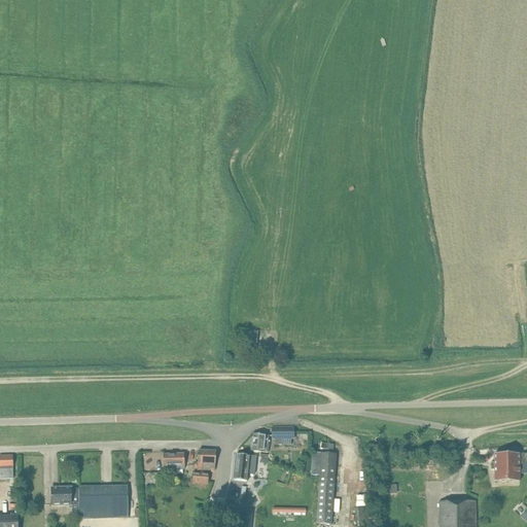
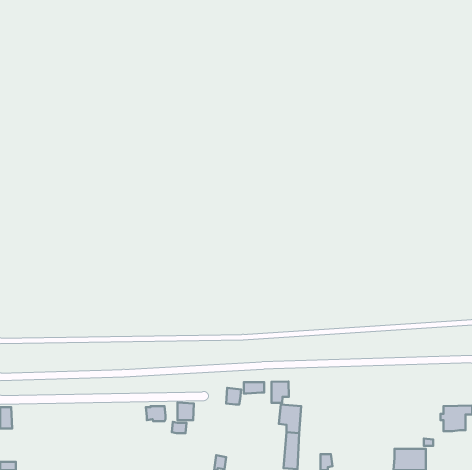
building: none -> [271,381,289,403]
building: [234,453,256,480] -> none
building: [50,485,128,517] -> none

